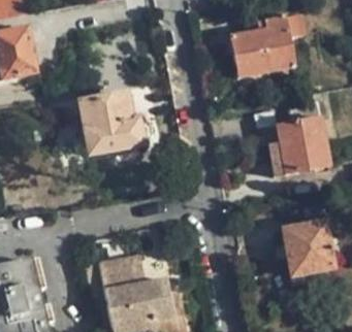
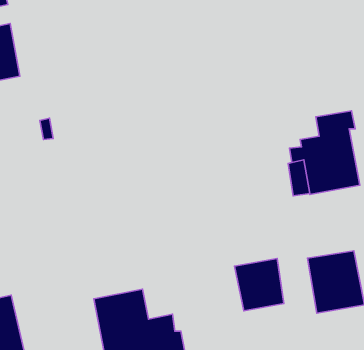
building: [233,12,305,74] -> none
building: [78,91,142,154] -> none
building: none -> [234,259,284,311]

